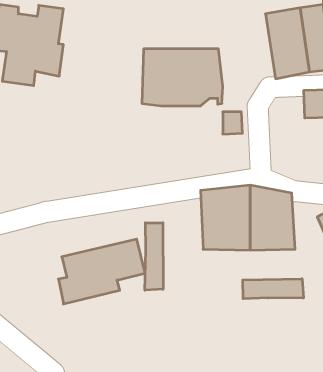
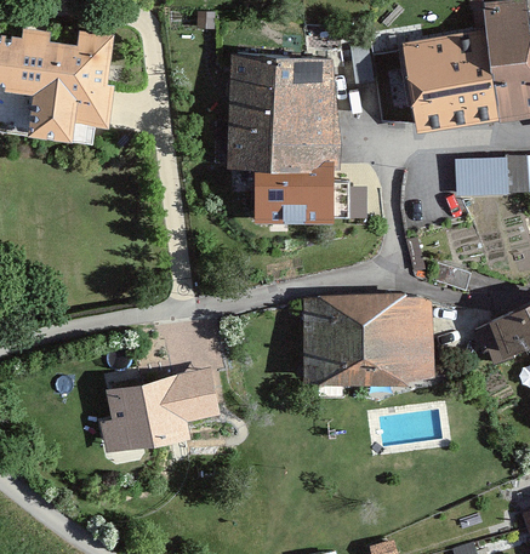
building: none -> [227,56,334,93]
building: none -> [252,164,332,225]
building: [145,223,163,290] -> none
building: [243,279,303,299] -> none

